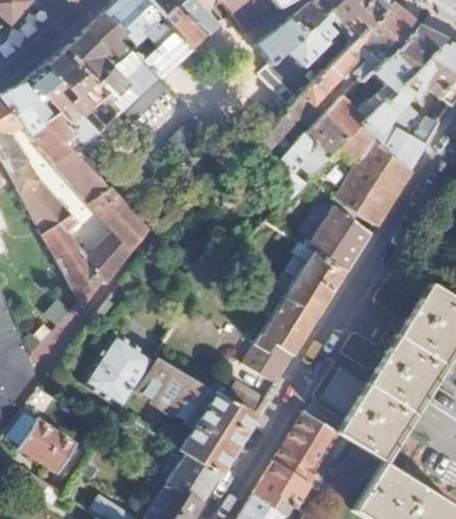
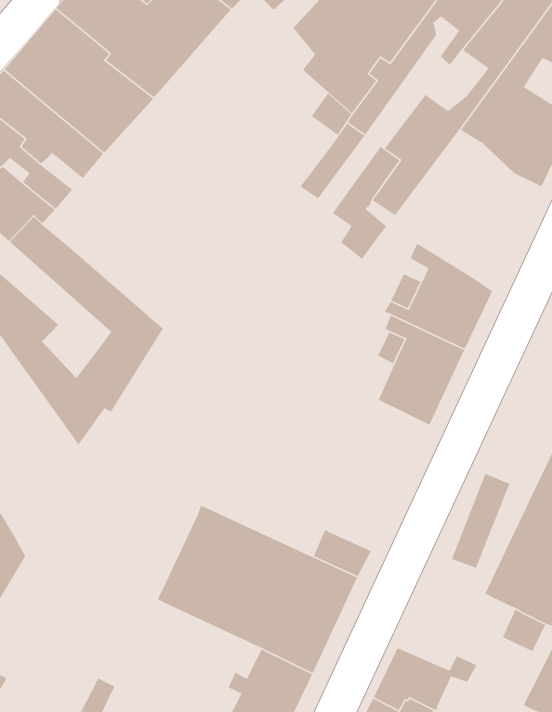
building: [310,125,409,225] -> none
building: [243,297,316,383] -> none
building: [82,332,155,410] -> none
building: [277,414,354,481] -> none
building: [18,418,76,471] -> none

